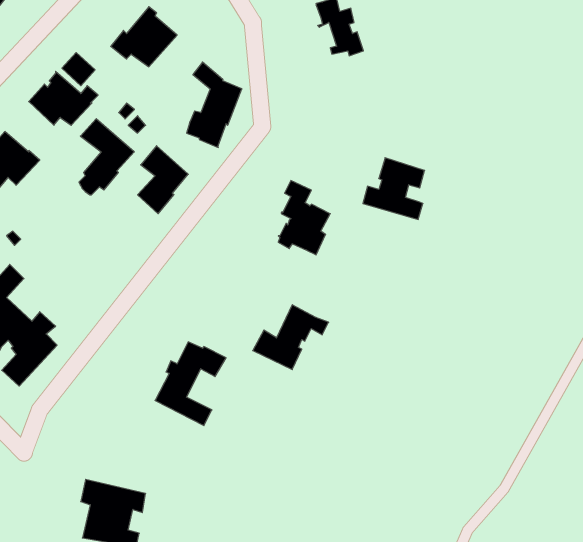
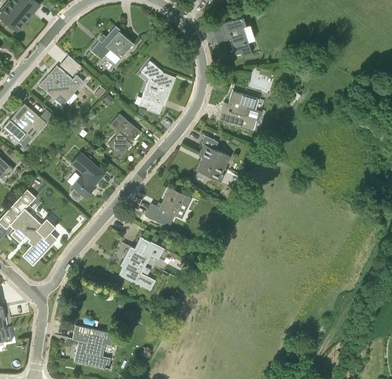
building: [79,119,134,195] -> [69,152,104,200]
building: [363,158,425,219] -> [218,90,257,129]
building: [253,305,329,370] -> [144,186,192,227]

